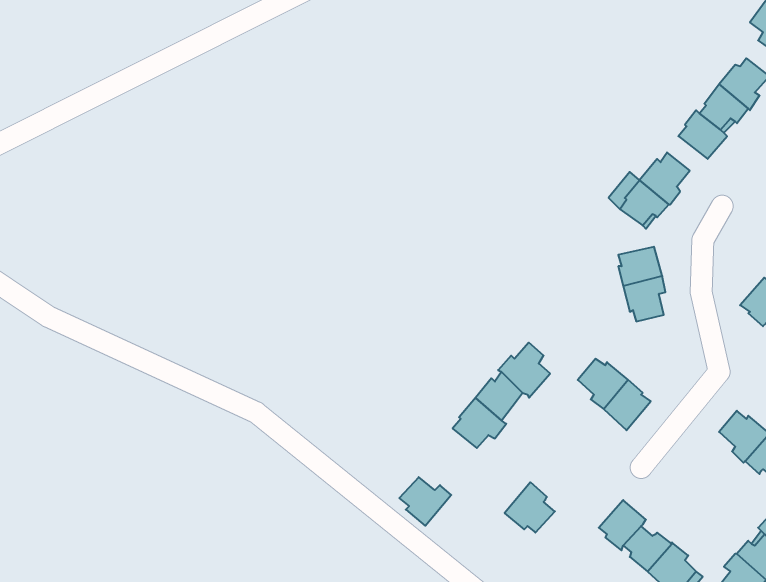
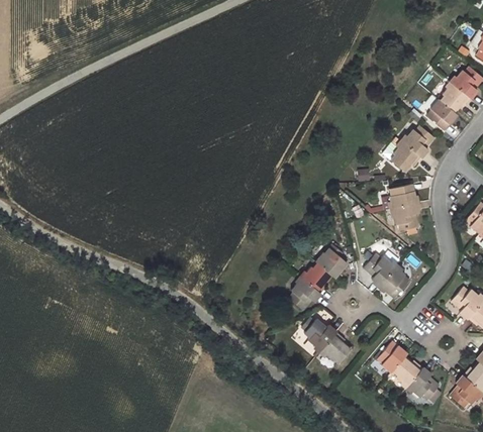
building: [399,477,451,526] -> [302,320,334,350]

